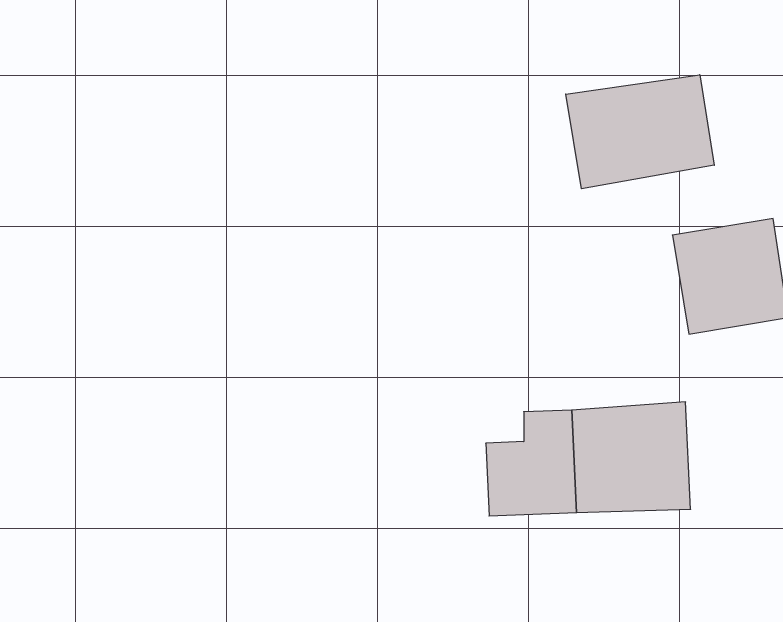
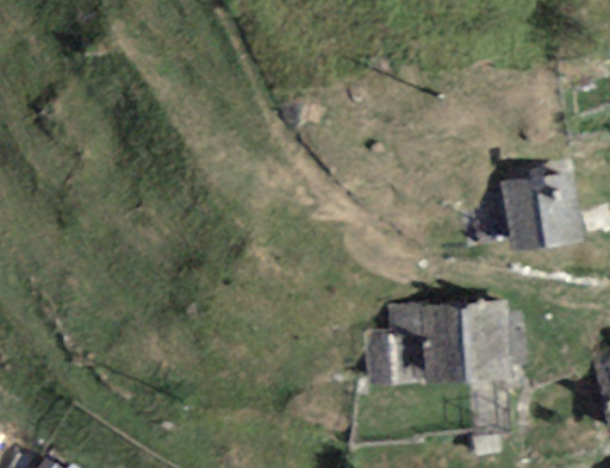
building: [566,75,714,189] -> none

